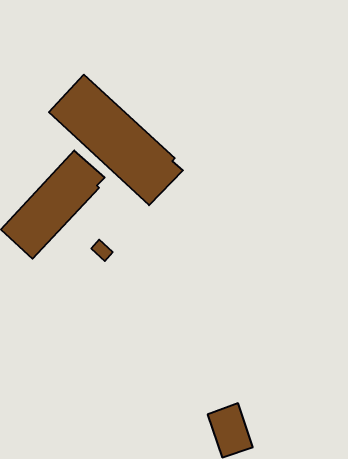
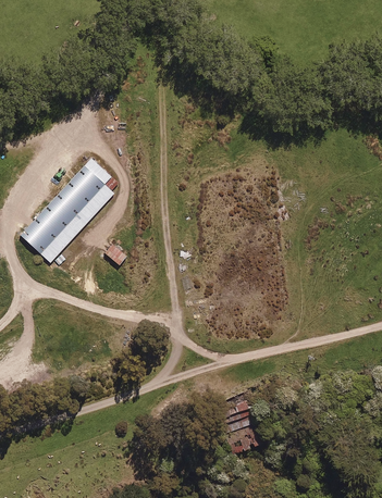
building: [49,75,183,205] -> none

